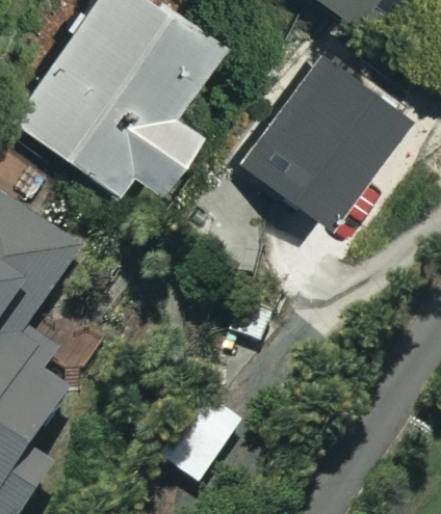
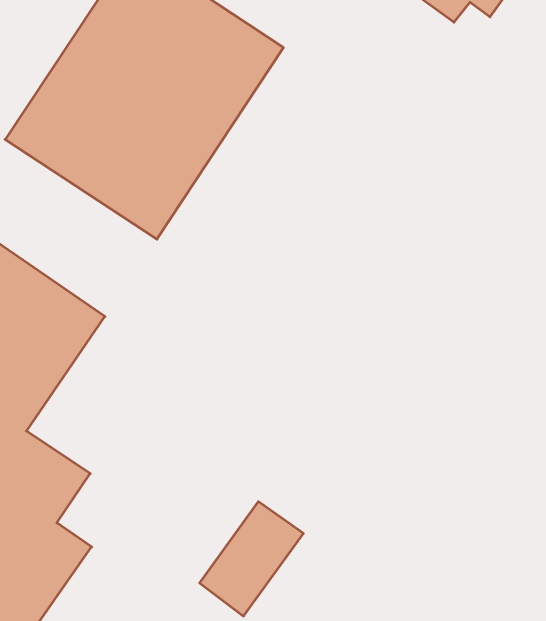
building: [238,52,397,219] -> none

